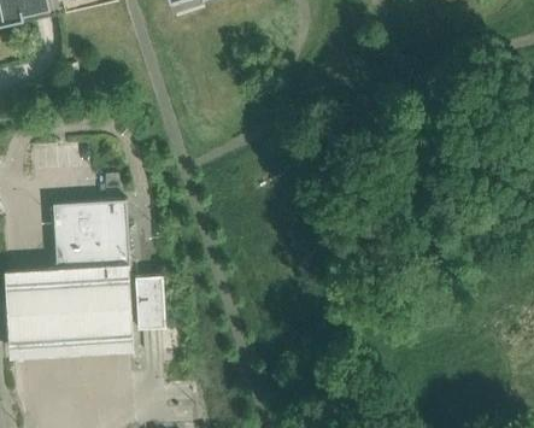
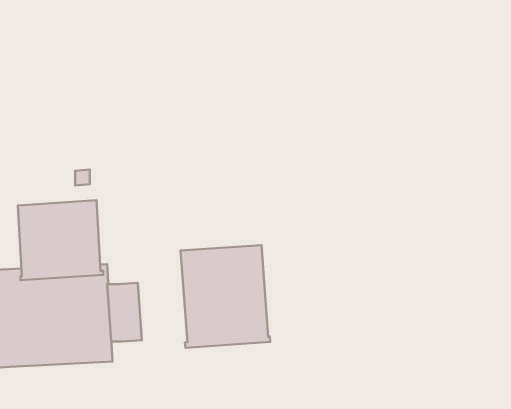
building: none -> [181,245,270,348]

